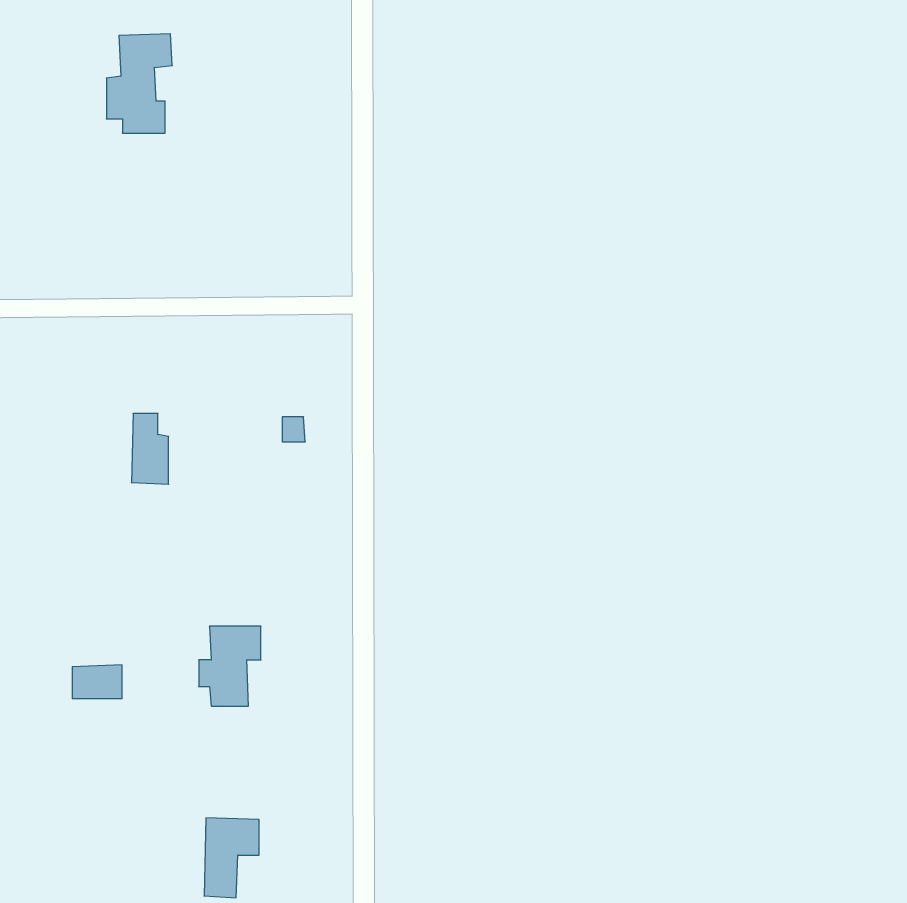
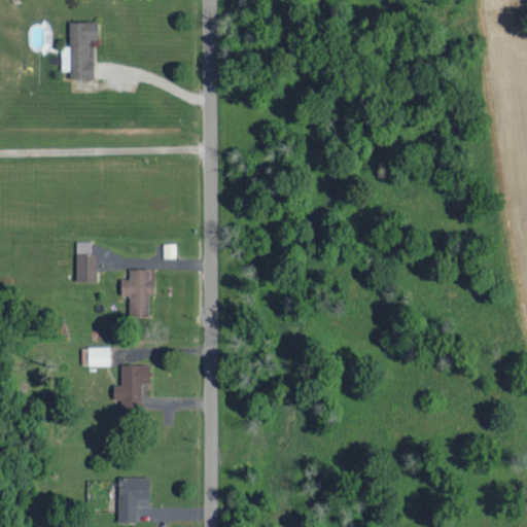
building: none -> [121,270,156,318]
building: [72,665,122,699] -> [82,347,111,366]

